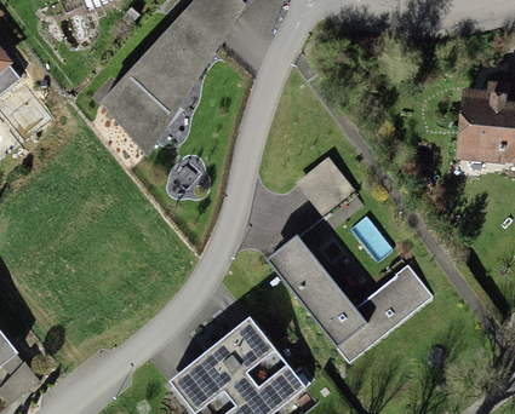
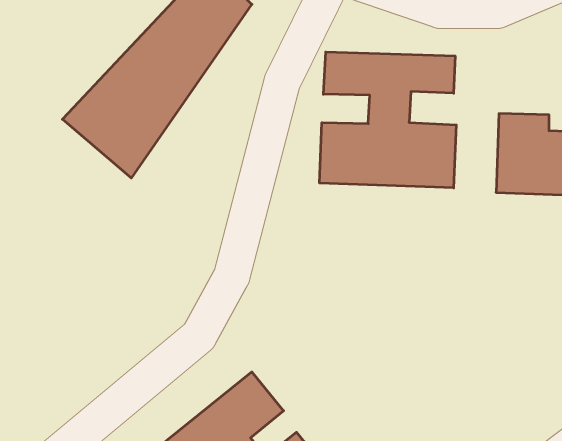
building: none -> [320,52,456,188]
building: [267,234,433,361] -> none

